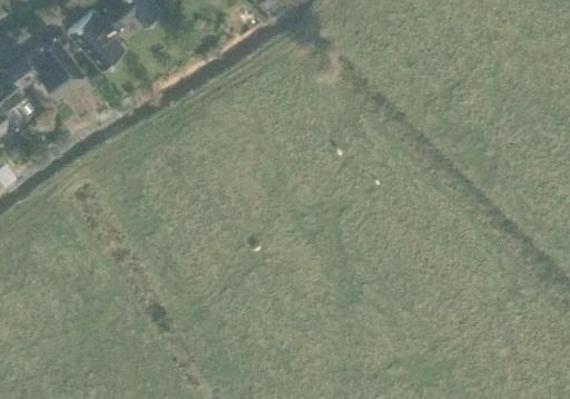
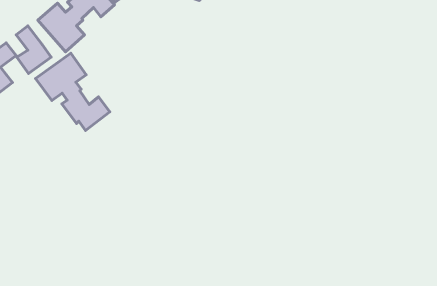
building: none -> [36,53,110,130]

